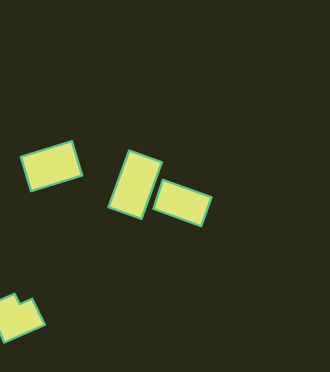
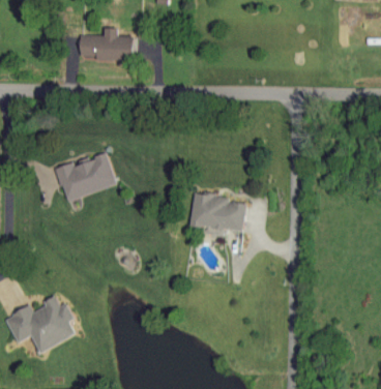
building: none -> [84,31,133,61]
building: [109,150,162,219] -> none

